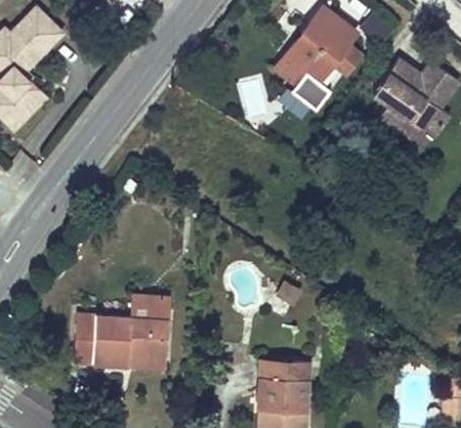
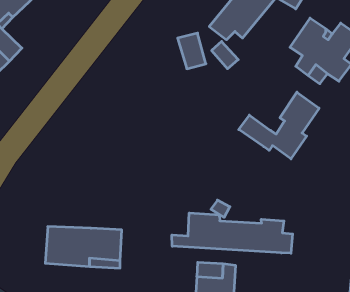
building: none -> [239,92,319,159]
building: [130,296,169,320] -> none
building: none -> [172,213,293,253]

